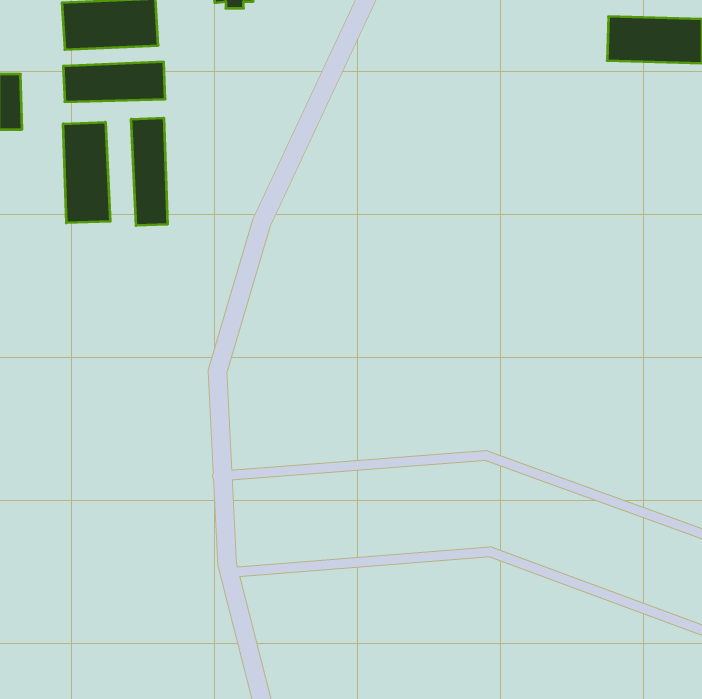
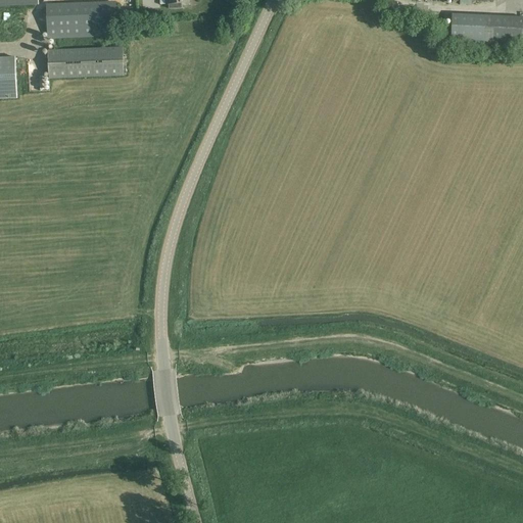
building: [131,118,167,226] -> none
building: [63,122,110,223] -> none

